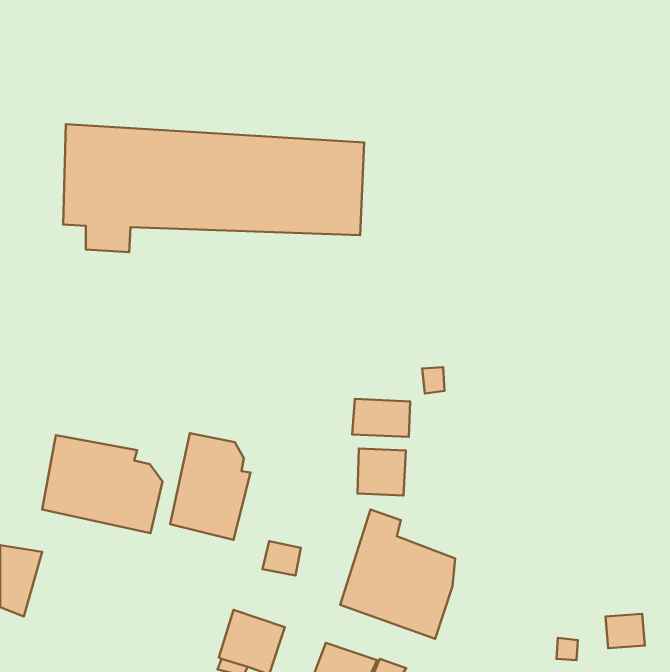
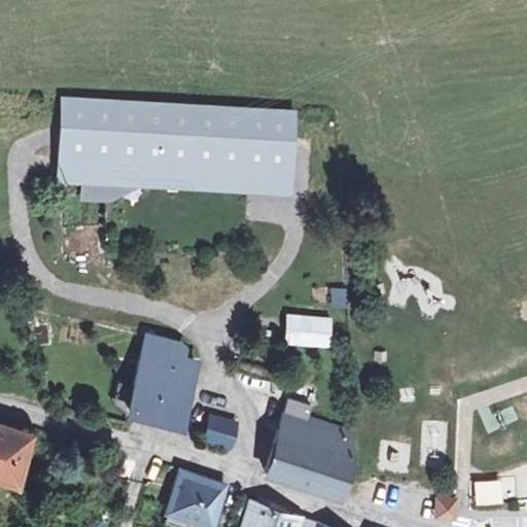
building: [42,435,162,533] -> none
building: [358,448,406,496] -> none

